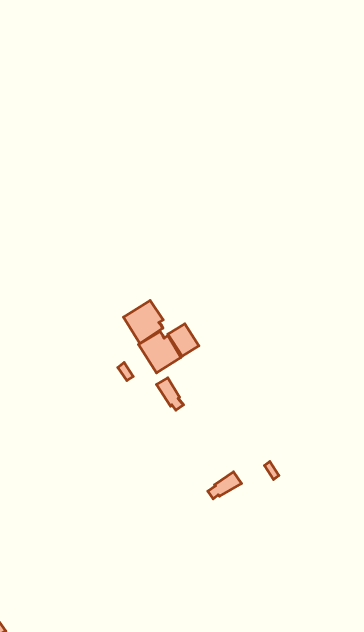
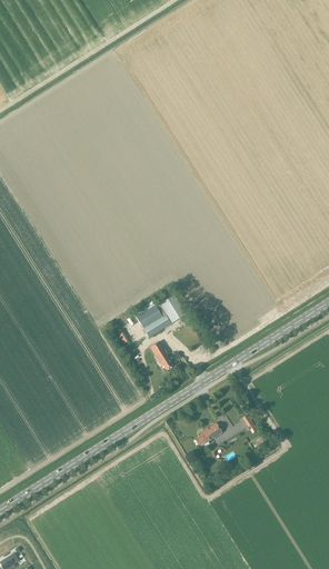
building: [123,301,163,344] -> none

